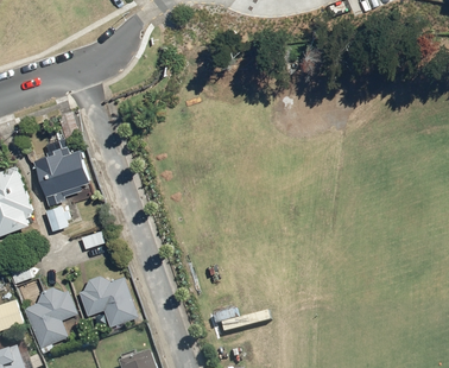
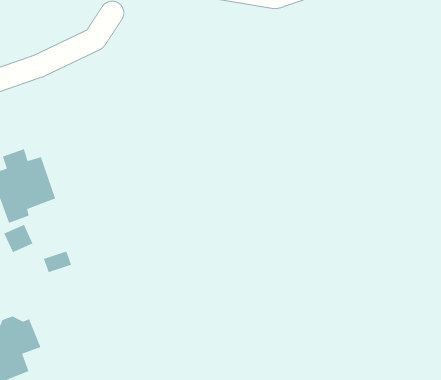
building: [80,275,138,325] -> none

